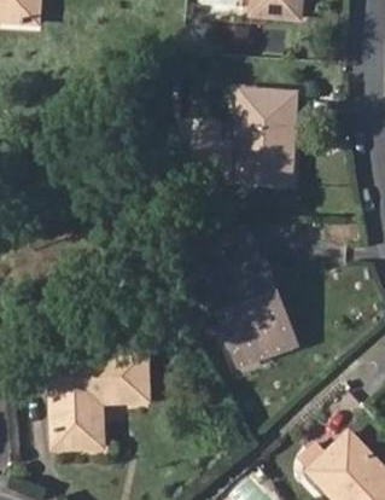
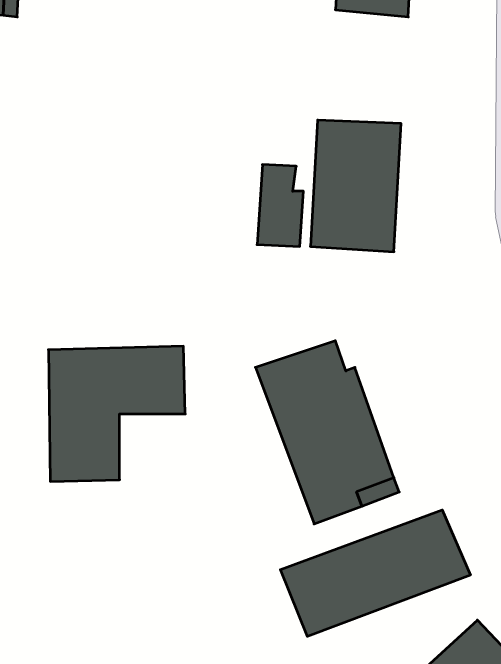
building: [54,354,147,446] -> [48,346,185,481]
building: none -> [280,510,470,636]

